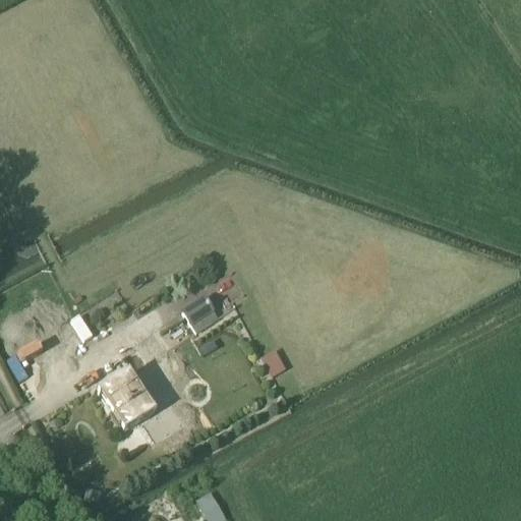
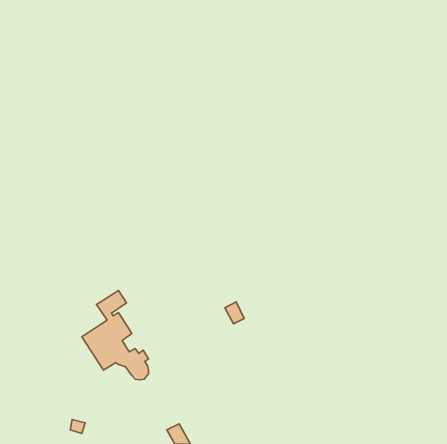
building: [178,293,217,332] -> none

